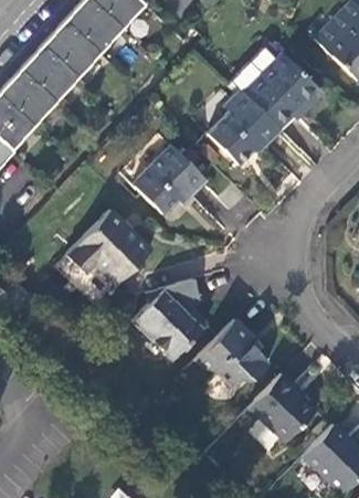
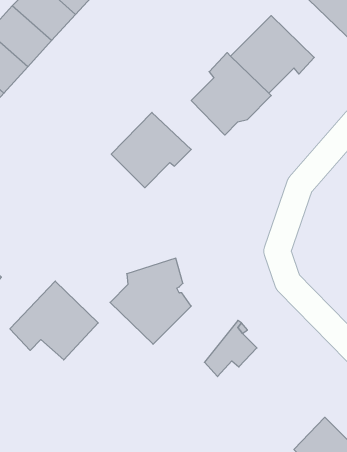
building: [67,209,149,282] -> [10,281,98,360]
building: [194,318,252,373] -> none
building: [253,373,315,438] -> none

